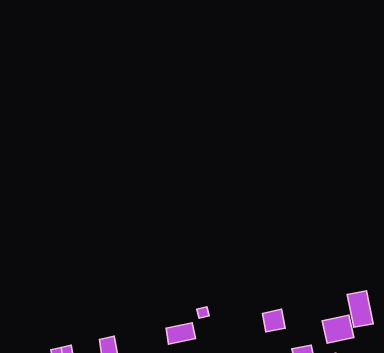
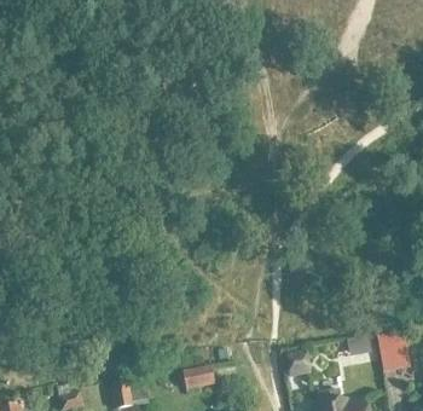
building: [322,315,354,343] -> none

